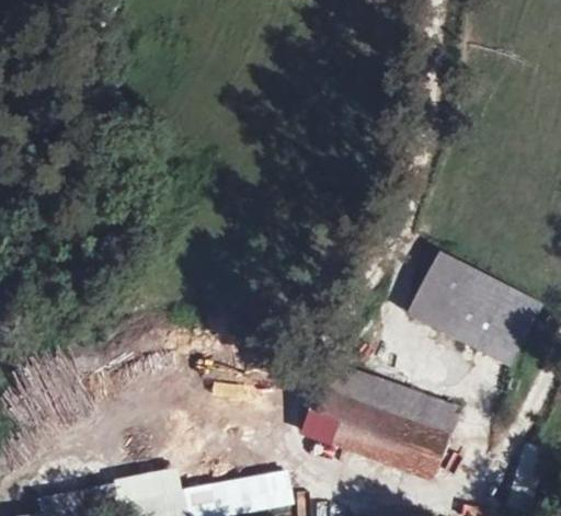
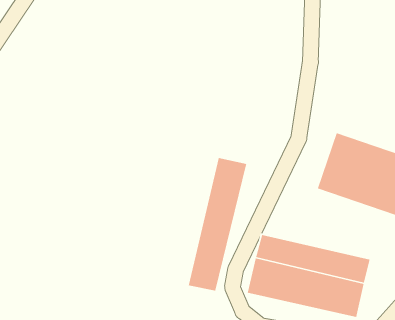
building: none -> [188,157,247,292]

